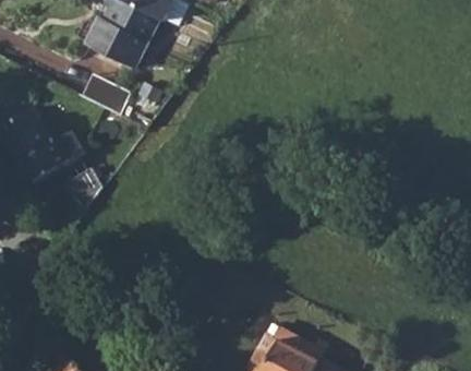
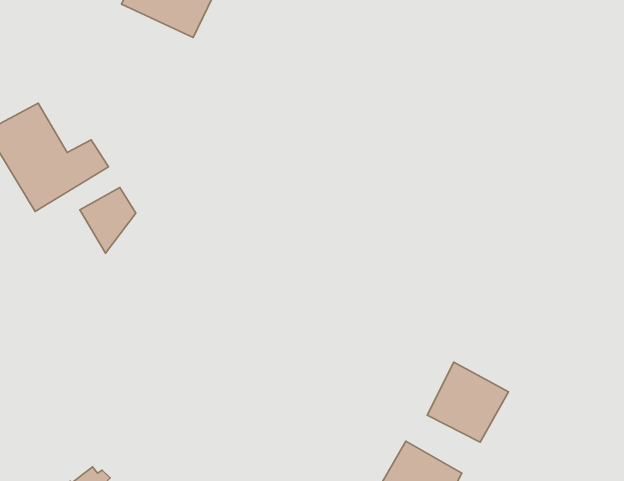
building: [83,74,132,113] -> none
building: none -> [427,362,509,442]

